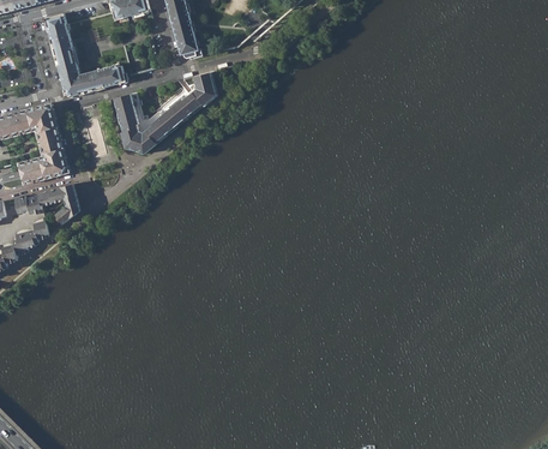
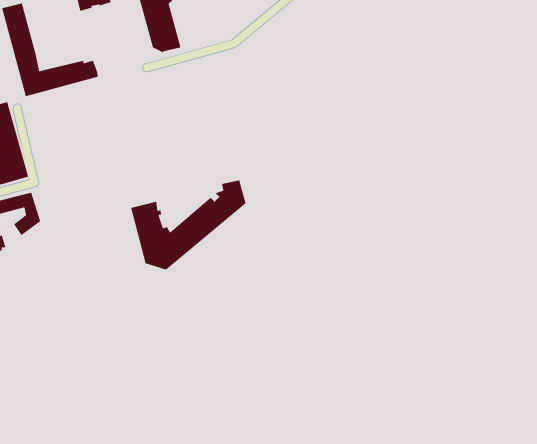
building: [112,72,216,154] -> [130,180,246,270]

